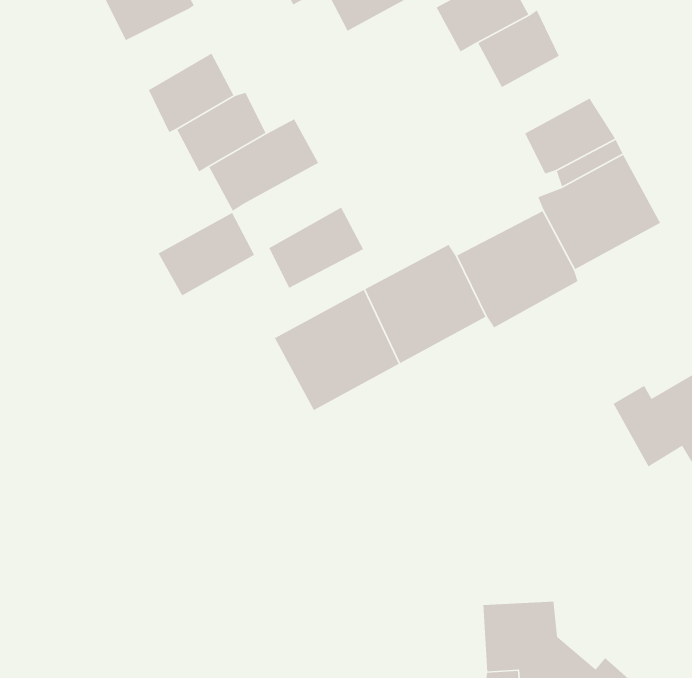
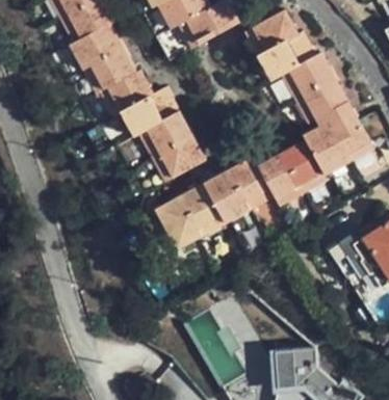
building: none -> [68,27,122,74]
building: none -> [282,51,331,96]
building: [157,212,255,296] -> [139,112,193,159]

